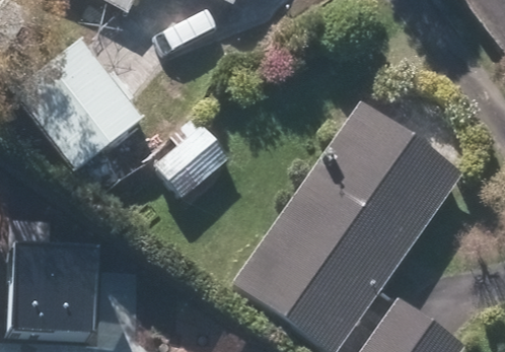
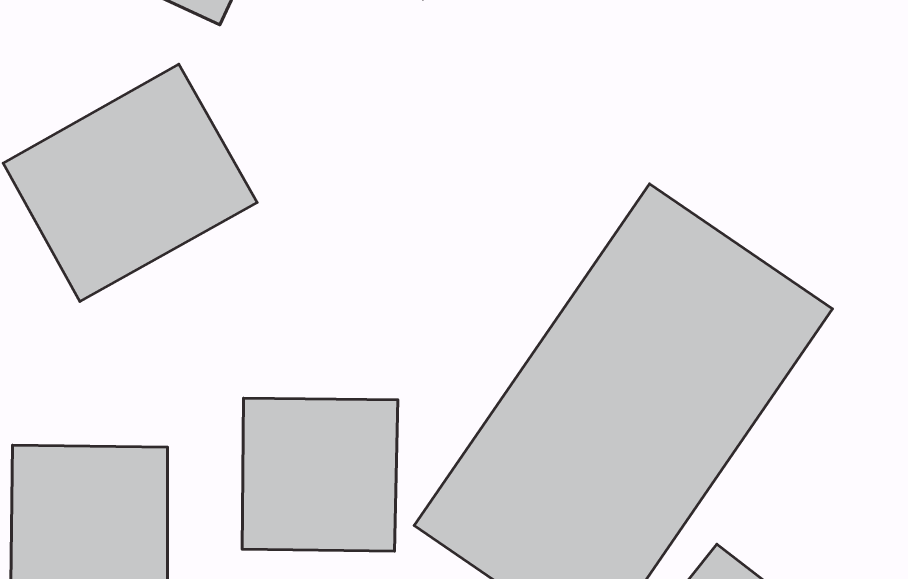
building: none -> [242,398,398,551]

